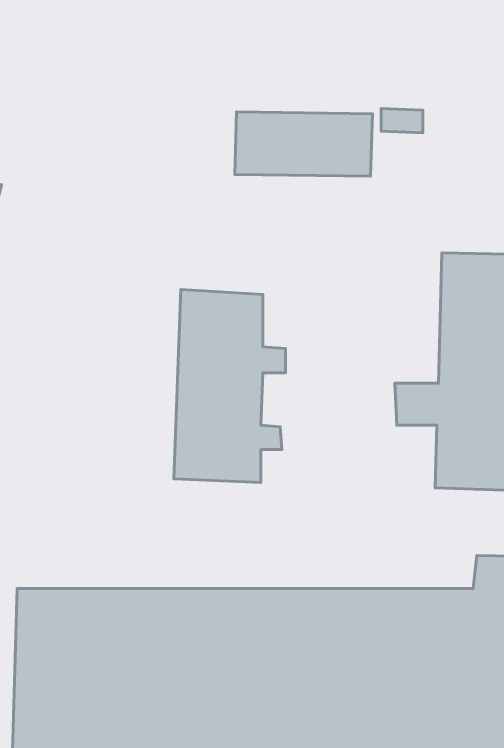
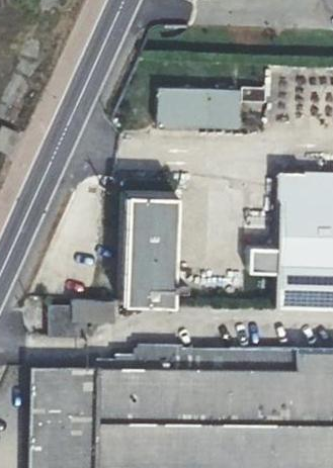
building: none -> [51,301,115,338]
building: none -> [116,345,300,367]

